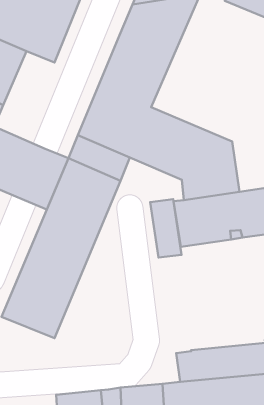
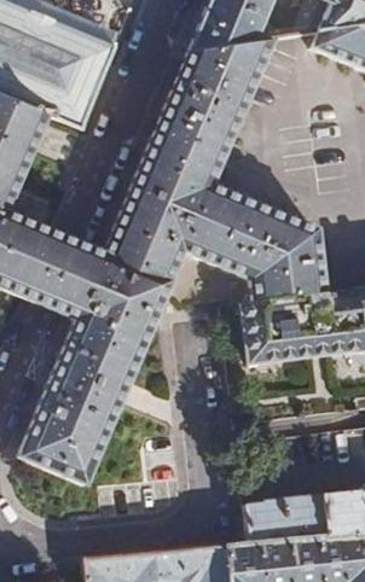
building: [150,199,181,258] -> none

